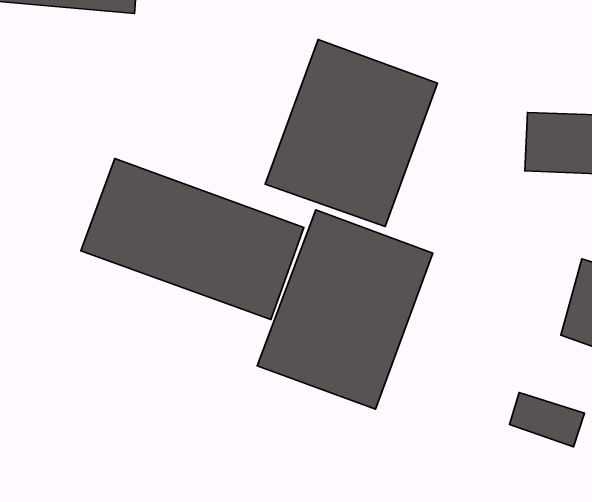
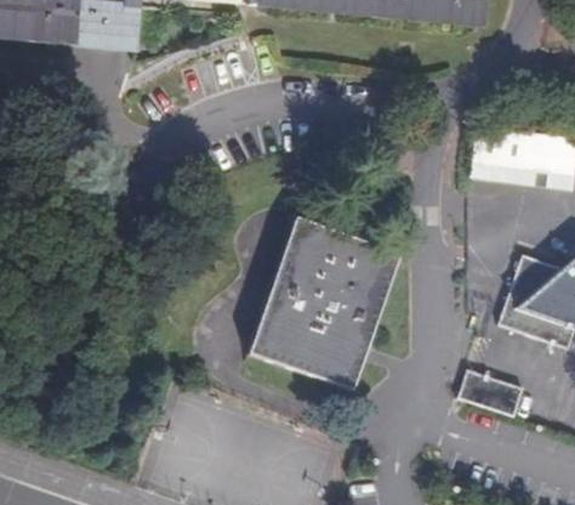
building: [265,39,438,227] -> none
building: [81,158,304,319] -> none

